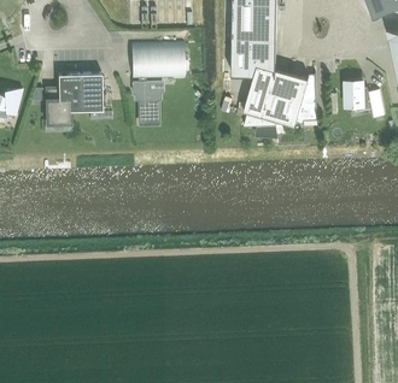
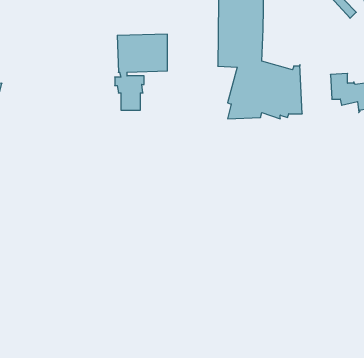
building: [46,73,101,122] -> none

